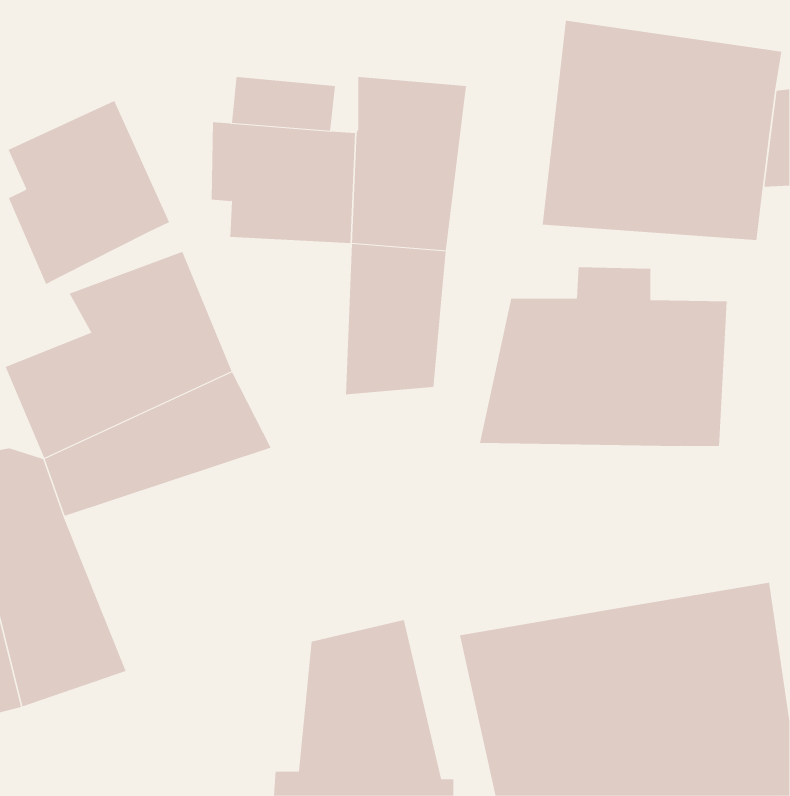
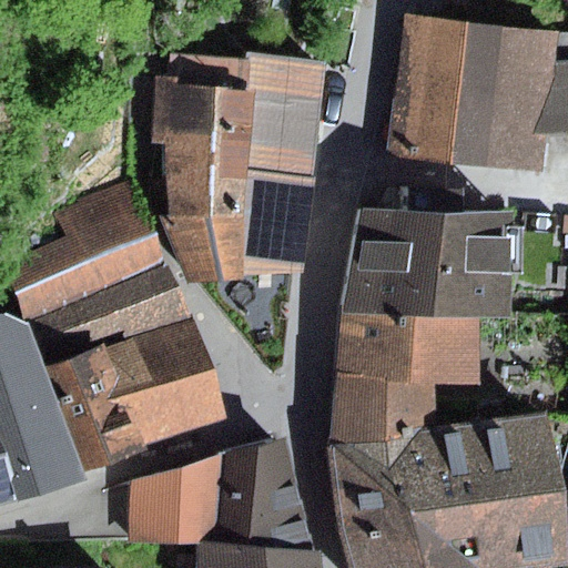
building: [8,100,170,285] -> none
building: none -> [160,169,250,284]
building: none -> [326,315,484,452]
building: none -> [45,318,232,477]
building: none -> [123,456,221,548]

